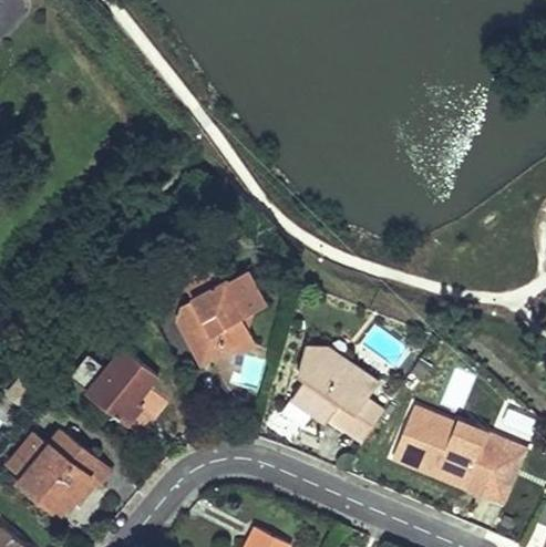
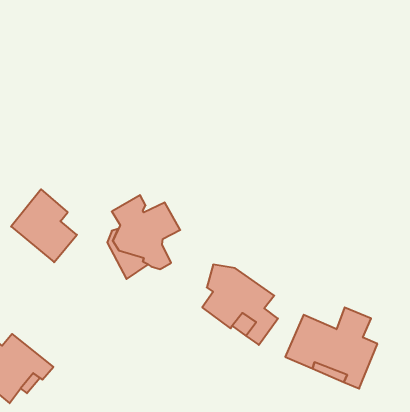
building: [86,349,166,437] -> [11,189,77,262]
building: [482,442,525,504] -> none

